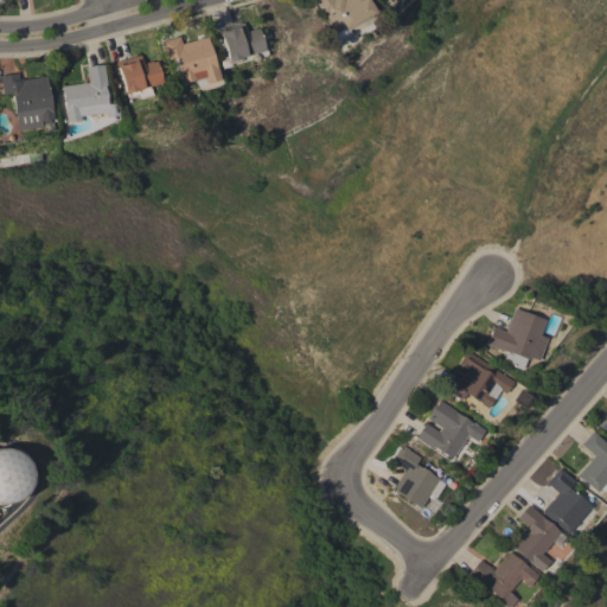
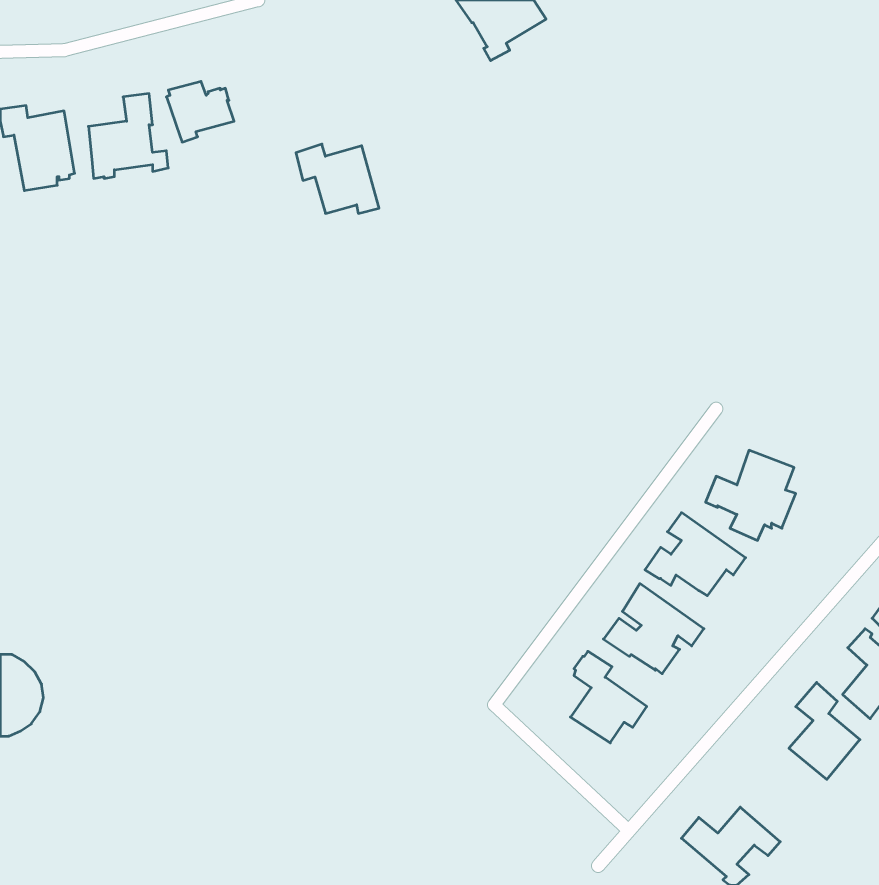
building: [222,23,268,62] -> none
building: [165,36,222,83] -> [296,144,379,213]
building: [515,505,561,571] -> none

